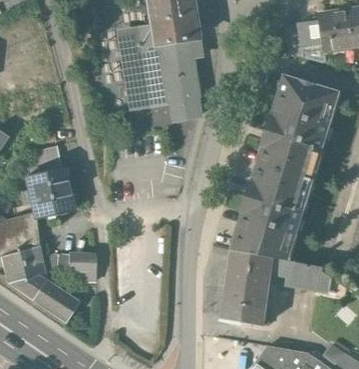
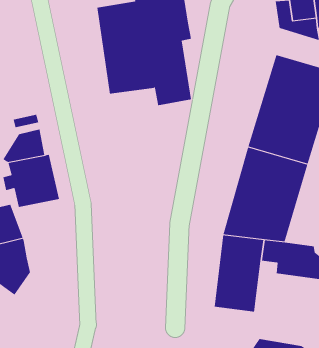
building: [42,254,99,285] -> none
building: [33,284,80,328] -> none

